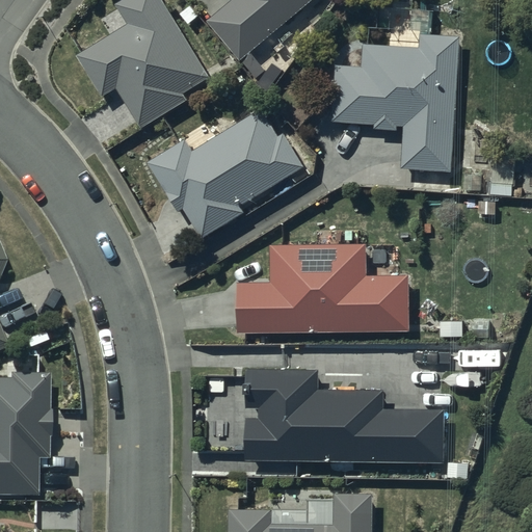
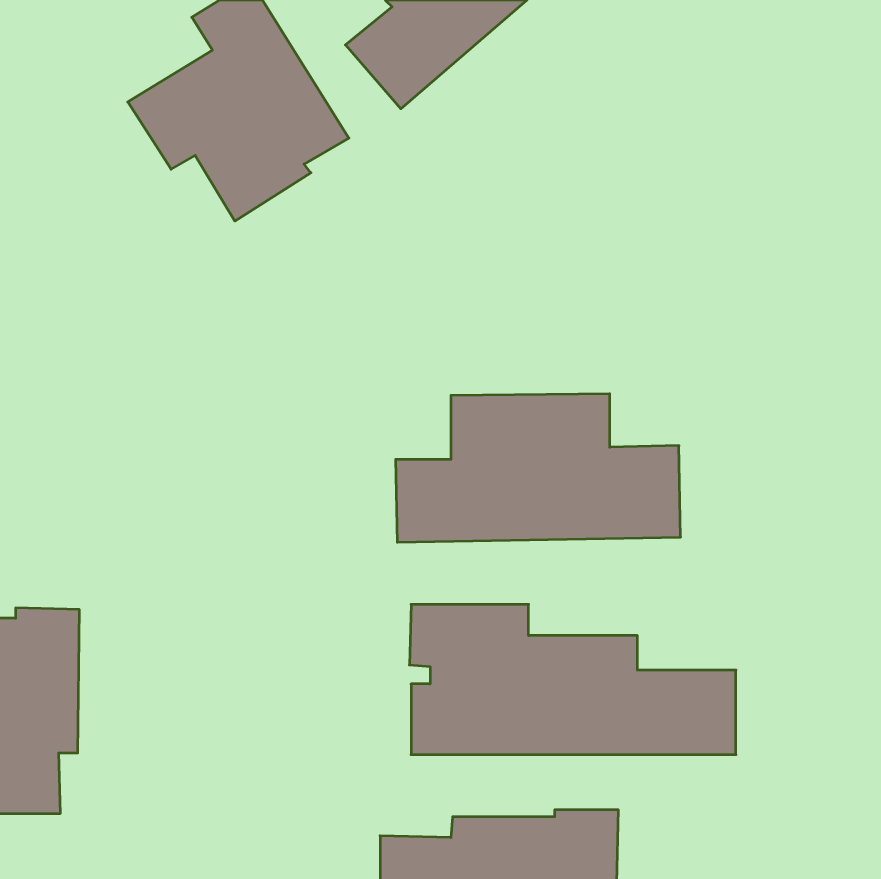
building: [332,44,459,179] -> none
building: [149,116,303,246] -> none

